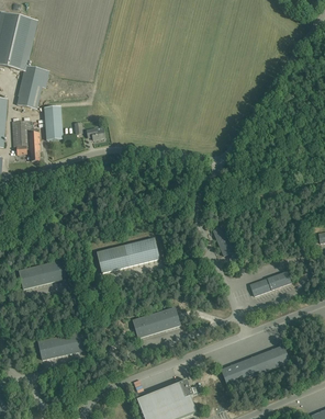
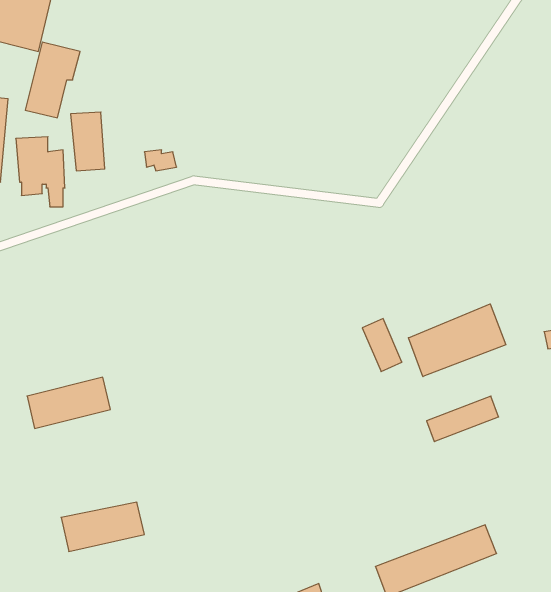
building: none -> [408,304,506,377]
building: [96,237,159,272] -> none
building: [132,306,180,338] -> none

